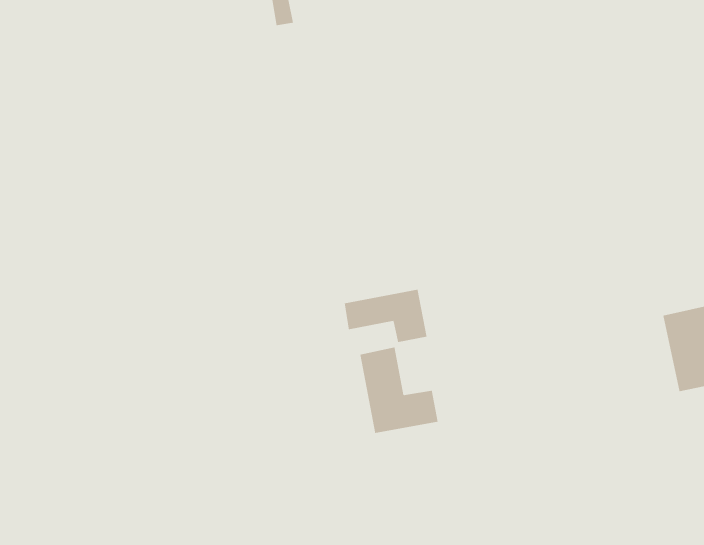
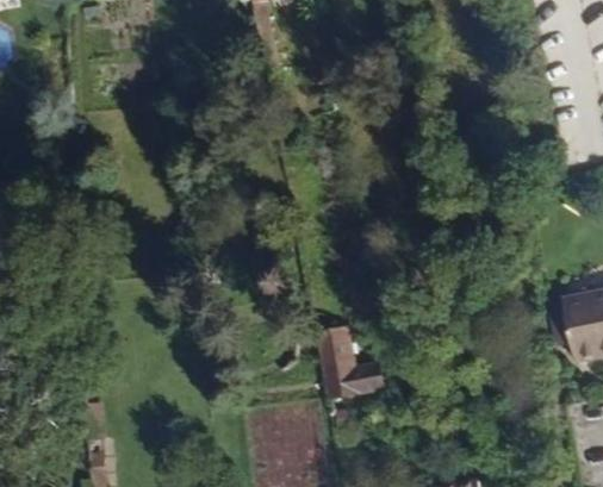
building: [344,289,427,343] -> none

